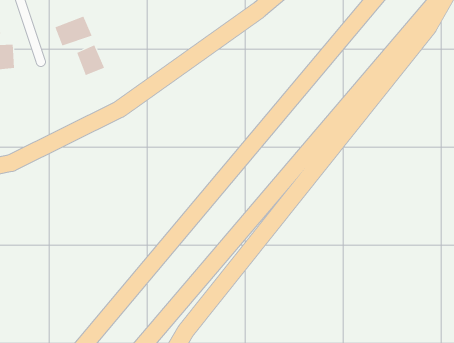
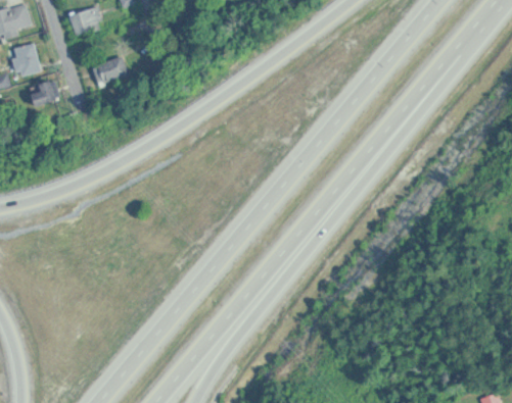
building: [77,44,105,76] -> none

